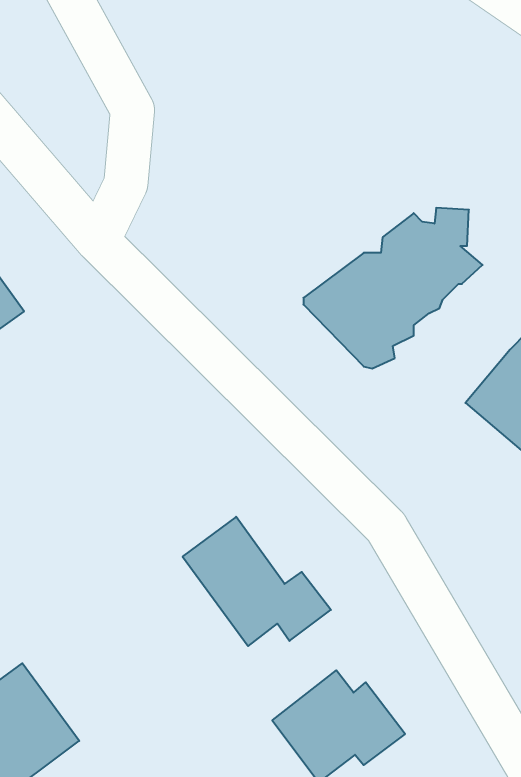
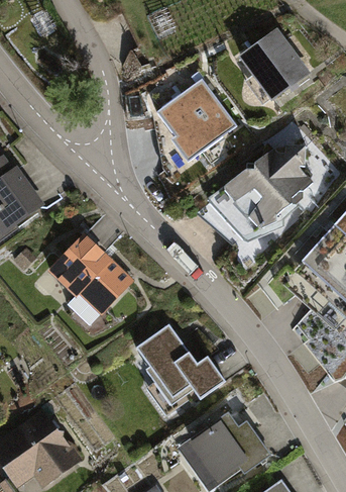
building: none -> [241,31,306,98]
building: none -> [156,85,237,164]
building: none -> [52,239,128,314]

